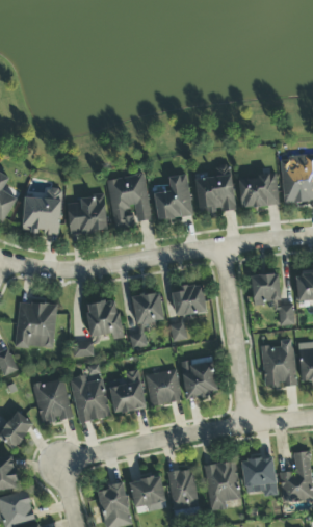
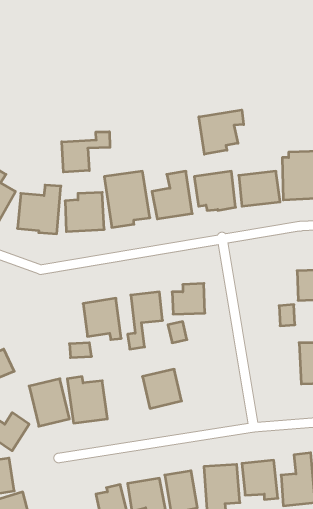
building: none -> [199,110,244,154]
building: none -> [62,132,110,172]
building: [252,273,280,304] -> none
building: [16,301,57,348] -> none
building: [261,339,297,388] -> none
building: [181,357,218,398] -> none
building: [108,369,147,414] -> none

